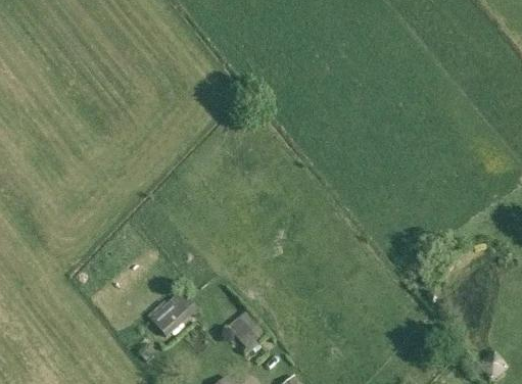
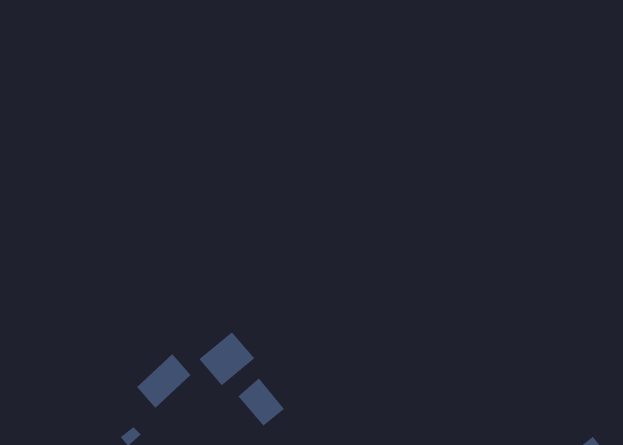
building: none -> [199,331,255,386]

